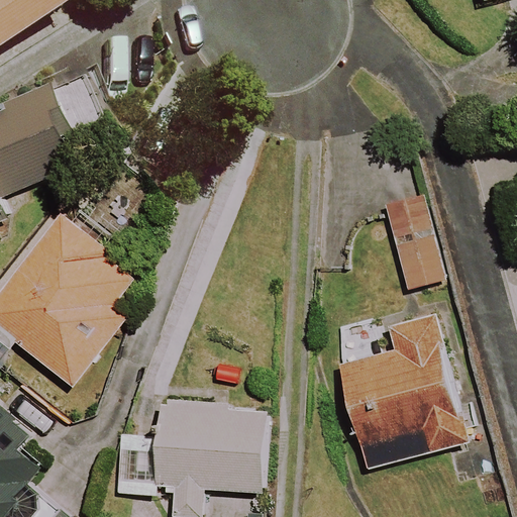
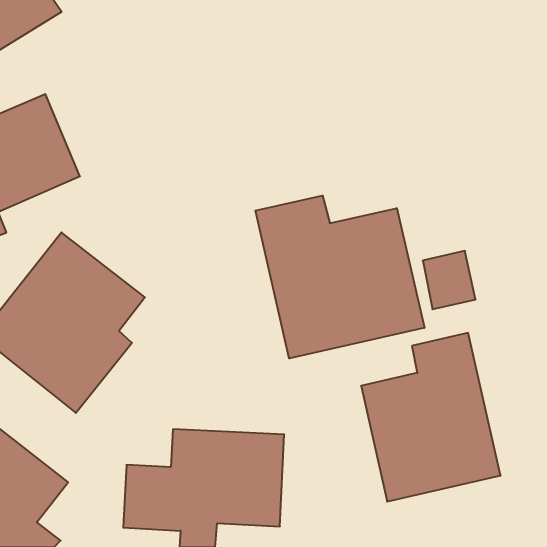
building: none -> [255,196,424,358]

